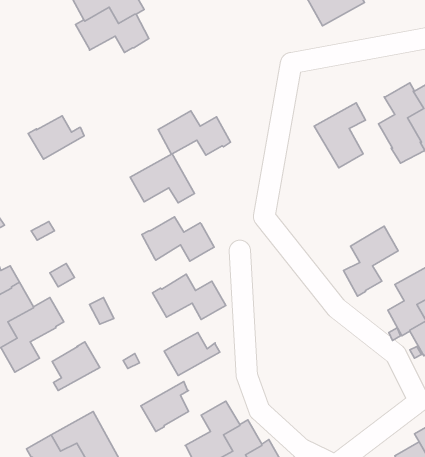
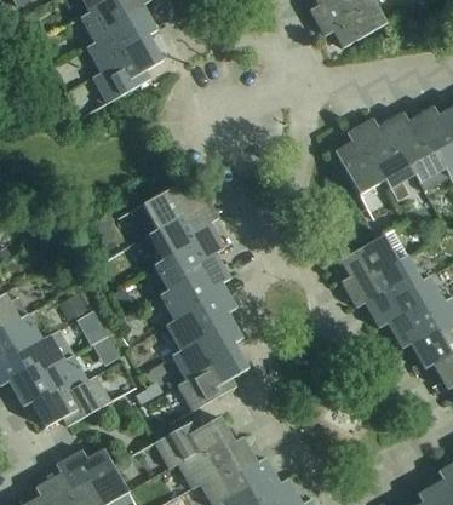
building: none -> [369,111,417,188]
building: [158,111,230,155] -> [148,214,223,260]
building: [28,116,84,159] -> [91,57,149,102]
building: none -> [339,229,406,300]
building: none -> [160,274,235,321]
building: none -> [386,275,443,348]
building: none -> [171,334,247,381]
building: none -> [30,354,87,426]
building: none -> [177,415,233,488]

